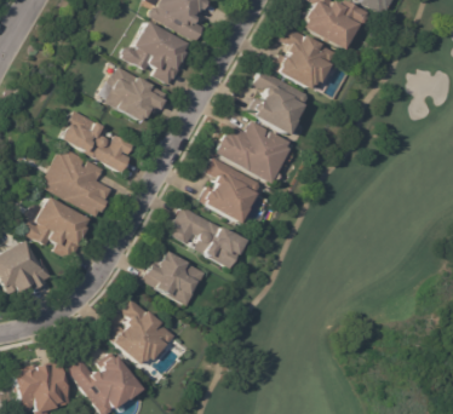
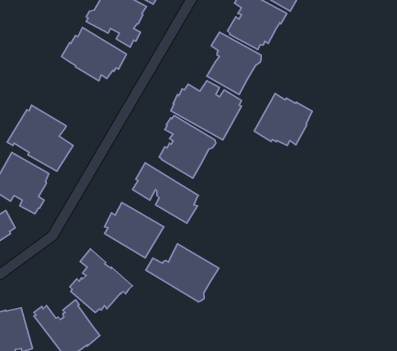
building: [58,113,133,174] -> none
building: none -> [254,93,312,145]
building: none -> [146,244,219,302]

